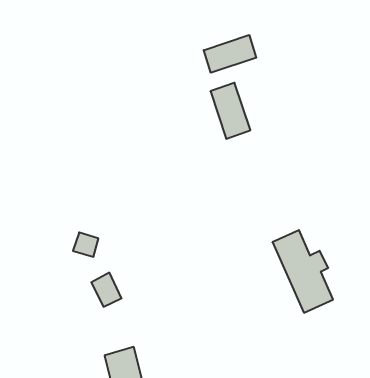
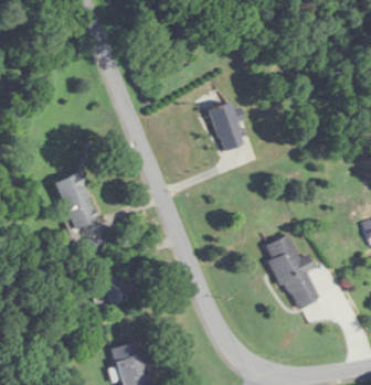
building: [204,35,256,73] -> none
building: none -> [55,172,99,229]

